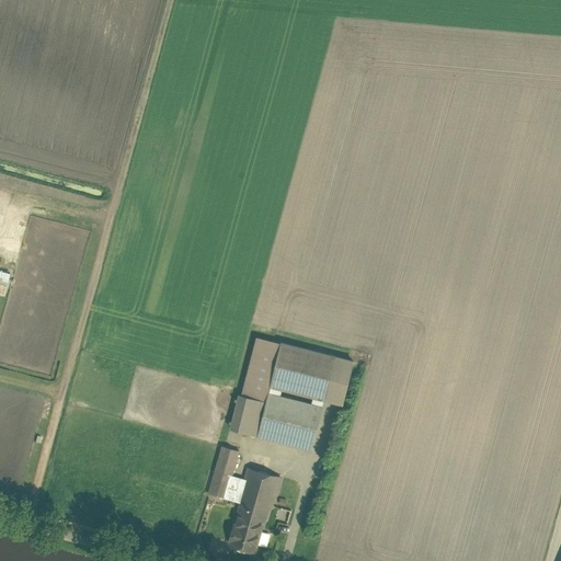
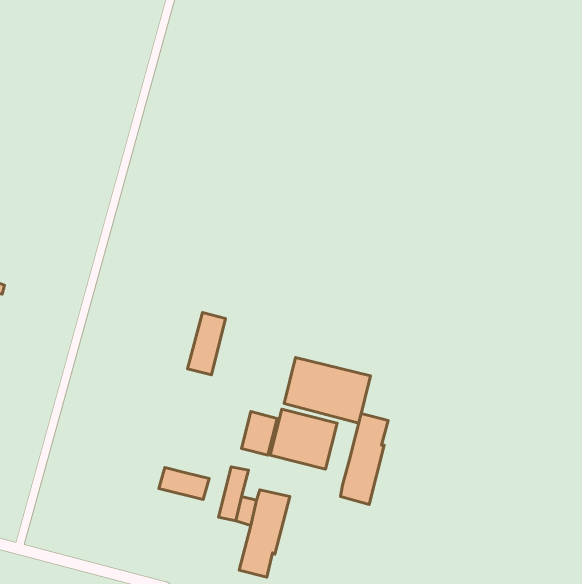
building: [242,340,278,399] -> [187,313,225,375]
building: none -> [340,413,388,504]
building: none -> [159,467,209,499]

